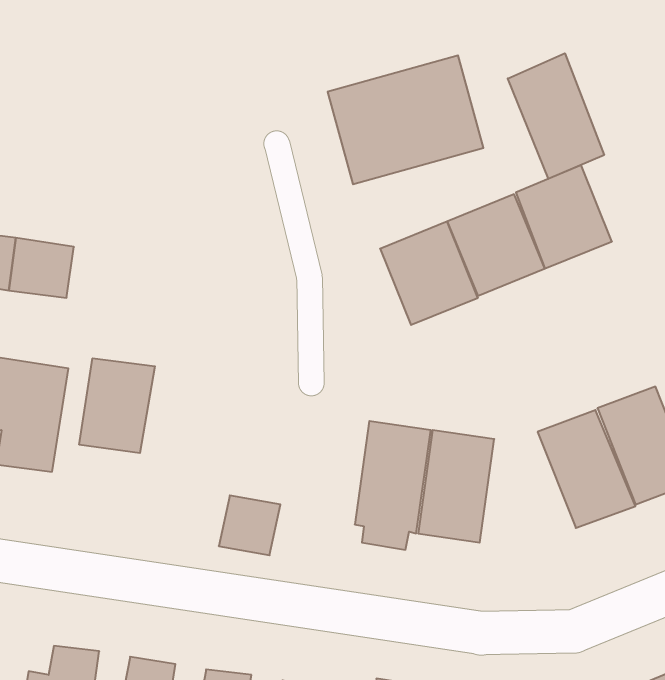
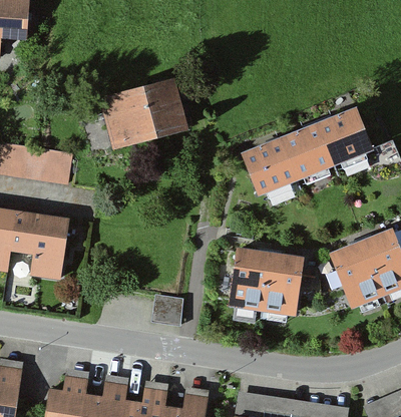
building: [508,53,604,179] -> none
building: [328,55,483,184] -> [100,79,186,150]
building: [79,358,155,453] -> none

